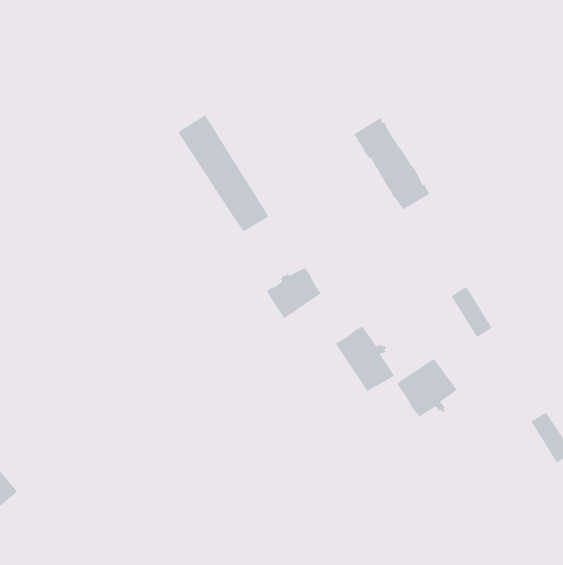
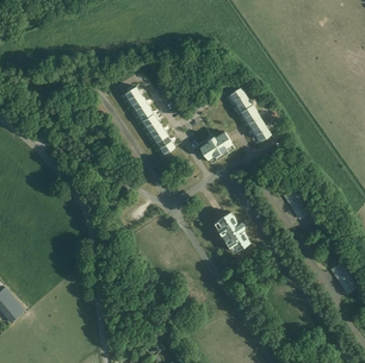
building: [266,267,322,319] -> [200,131,234,162]
building: [396,358,457,417] -> none

